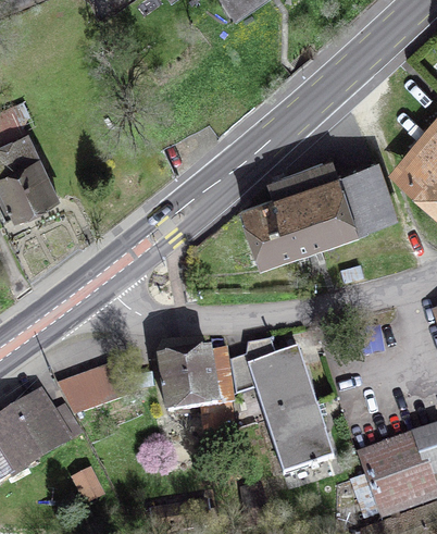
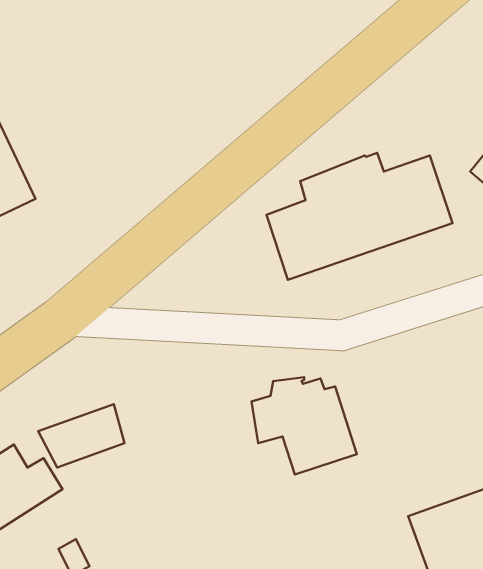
building: [160,347,233,412] -> none
building: [265,402,334,474] -> none

